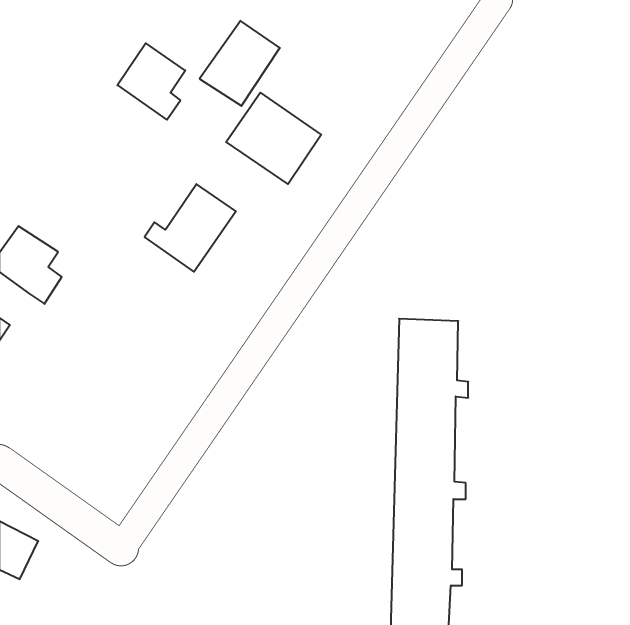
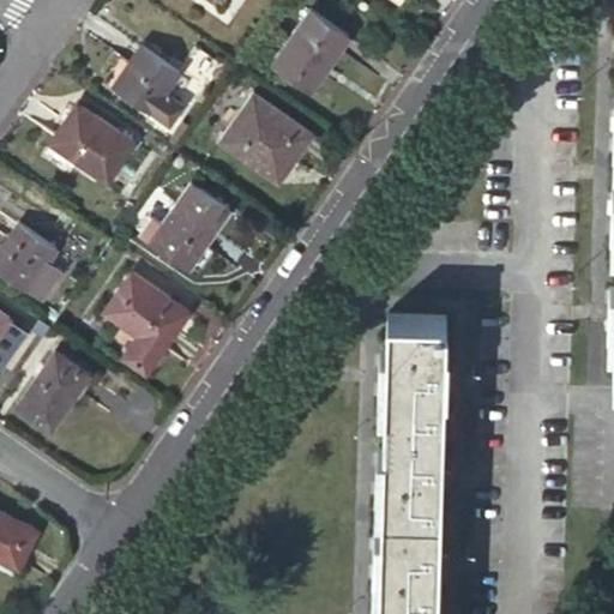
building: [200,21,280,106] -> [271,11,349,94]
building: none -> [50,108,134,185]
building: none -> [104,273,188,374]
building: none -> [16,353,88,432]

